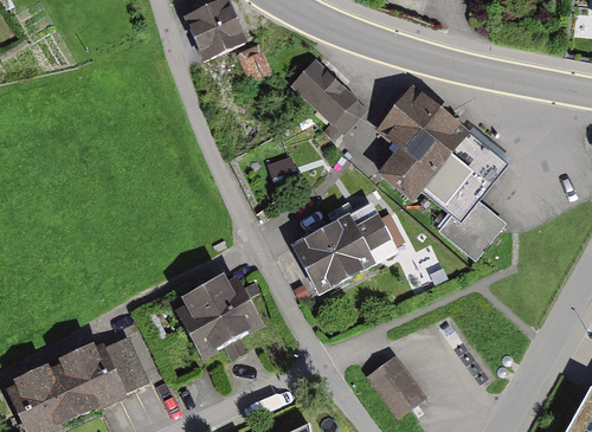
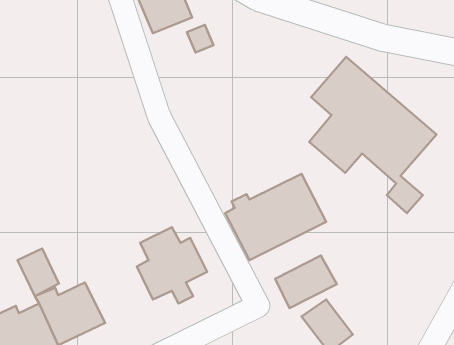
building: [291,58,360,128] -> none
building: none -> [18,249,59,296]
building: none -> [275,256,337,308]

